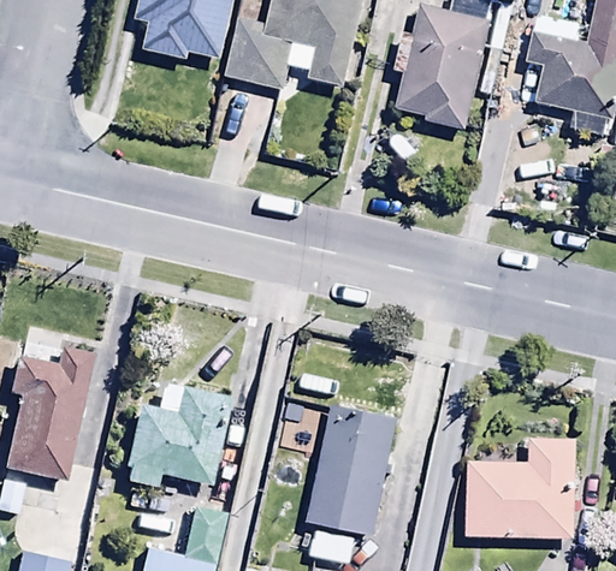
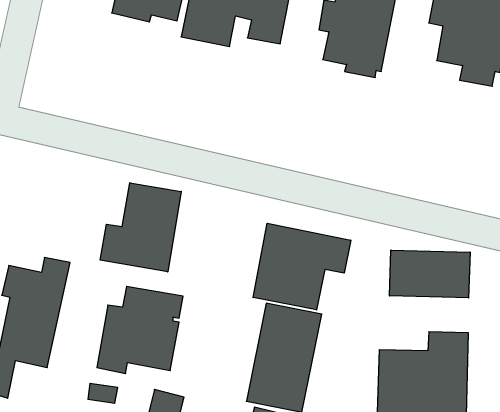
building: none -> [100,183,181,272]
building: none -> [253,223,351,310]
building: none -> [390,250,470,298]

